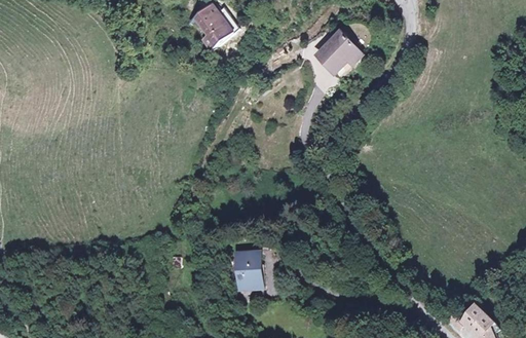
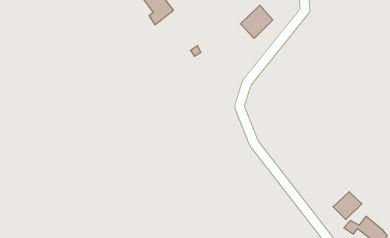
building: [233,246,254,295] -> none
building: none -> [333,192,362,220]

